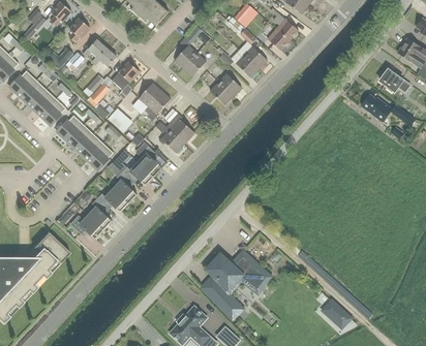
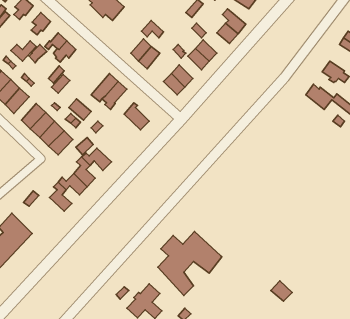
building: [112,60,140,89] -> none
building: [155,120,185,152] -> none
building: [135,141,162,176] -> none
building: [70,214,103,238] -> none

